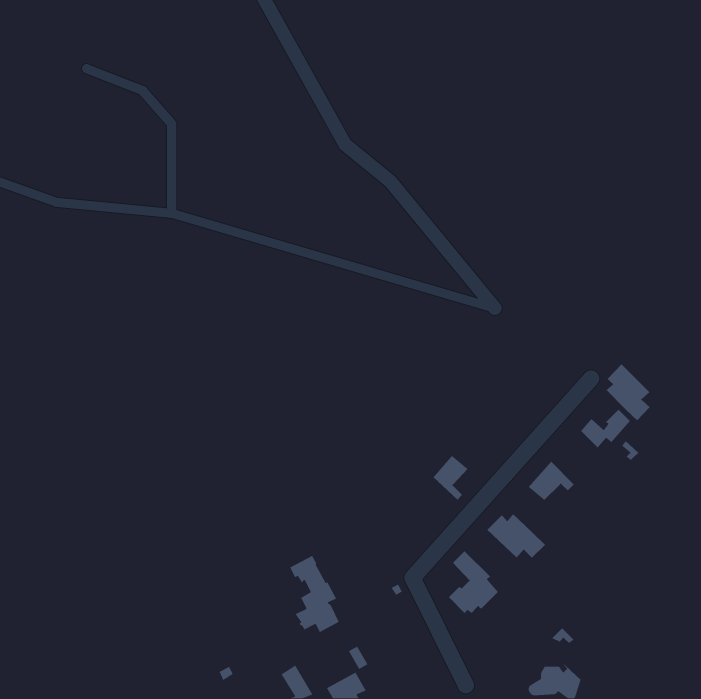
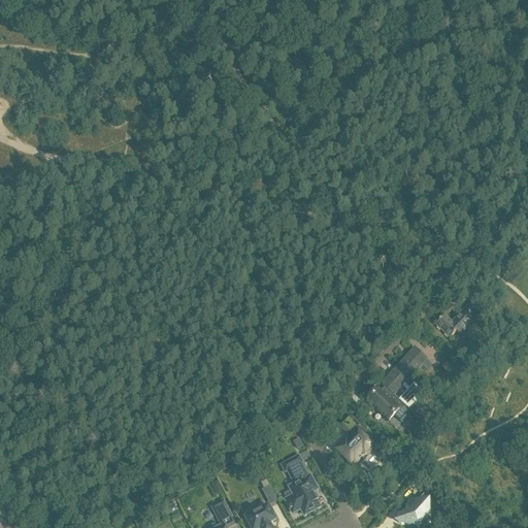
building: [606,364,650,421] -> none
building: [433,455,468,500] -> [382,365,408,399]
building: [289,555,340,633] -> [280,454,319,513]

